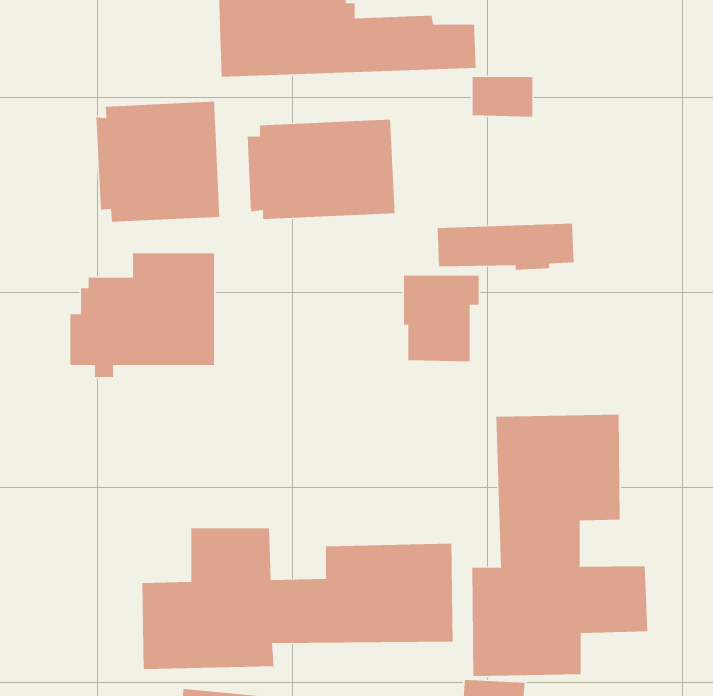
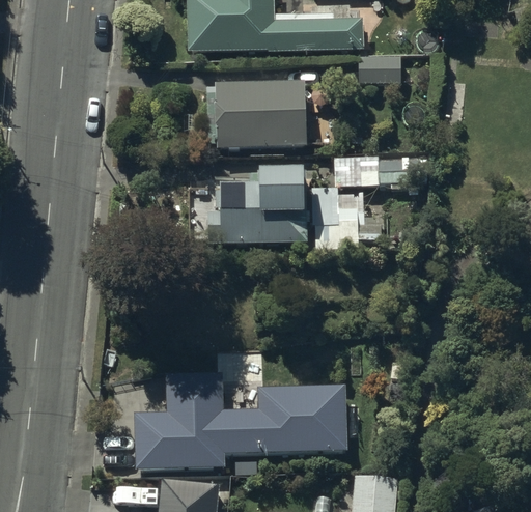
building: [95,101,220,223] -> none
building: [70,252,215,378] -> [207,170,306,255]
building: [472,414,648,677] -> none

